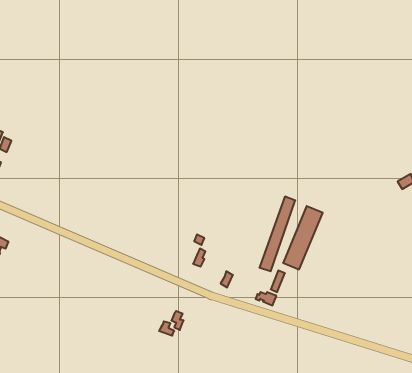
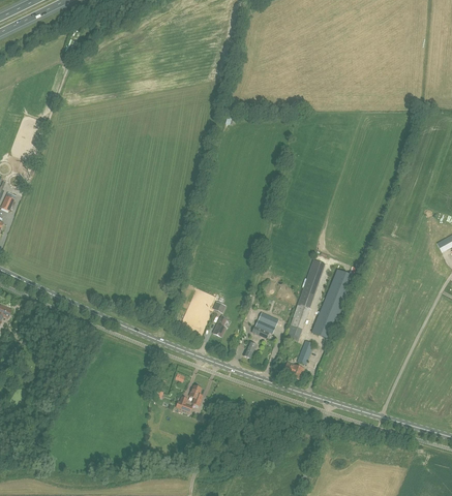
building: none -> [251,312,278,338]

